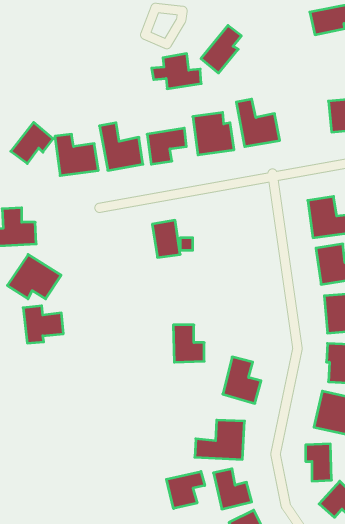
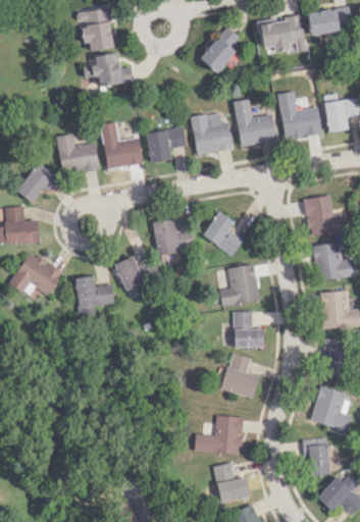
building: none -> [79,8,114,51]
building: none -> [260,17,306,53]
building: [152,54,201,89] -> [84,52,133,87]
building: none -> [278,91,323,140]
building: [11,122,53,164] -> [15,162,57,203]
building: none -> [202,211,243,256]
building: none -> [114,256,144,291]
building: none -> [220,264,261,306]
building: [23,306,63,343] -> [74,276,114,313]
building: [173,325,204,362] -> [233,311,263,348]
building: [166,471,205,509] -> none

